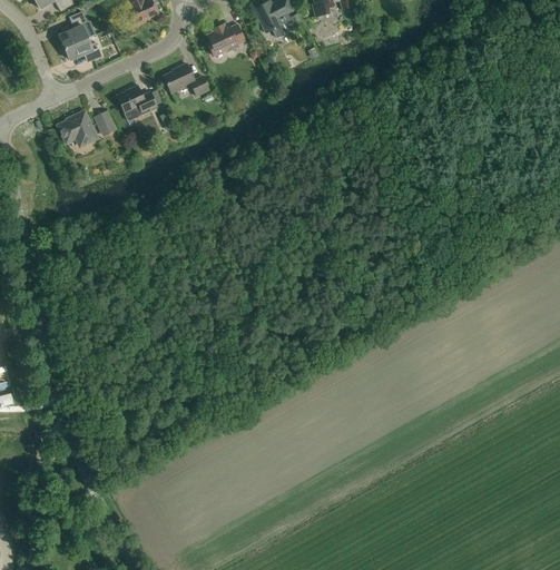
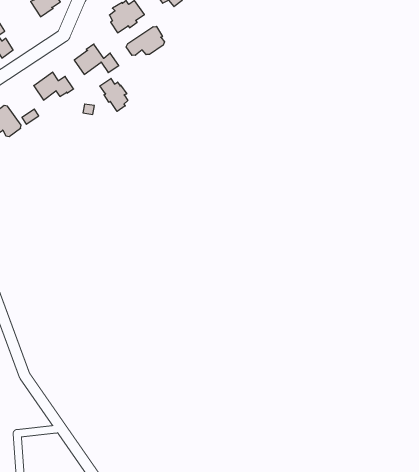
building: none -> [126,26,165,55]
building: none -> [100,78,128,111]

